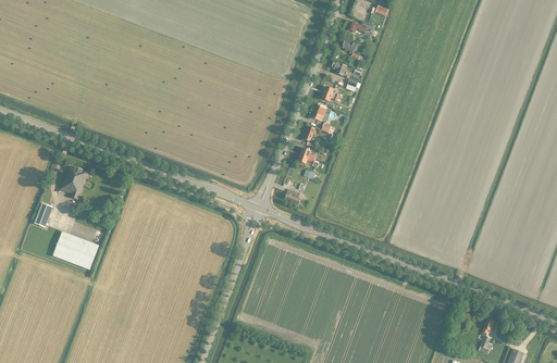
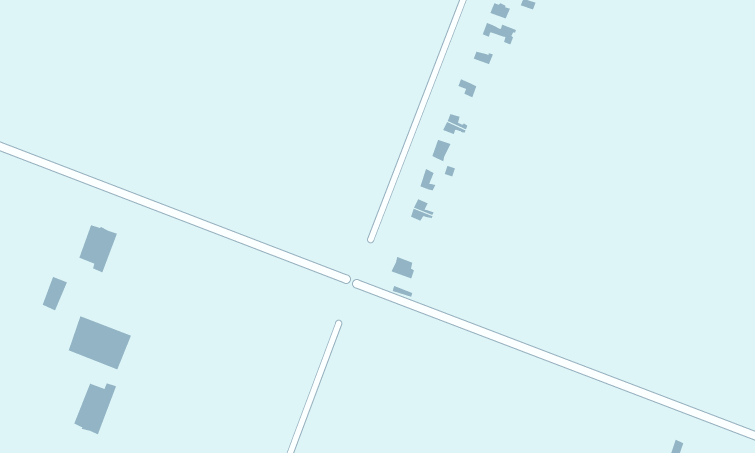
building: none -> [73,382,117,435]

